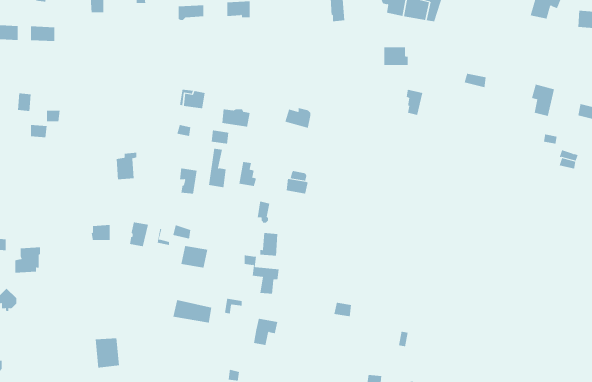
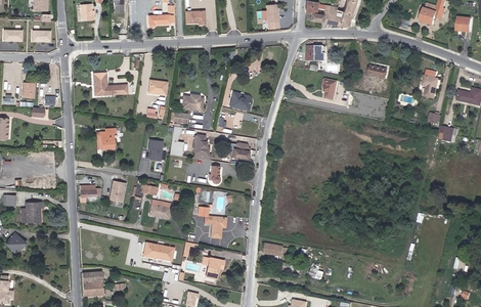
building: none -> [93,73,121,96]

